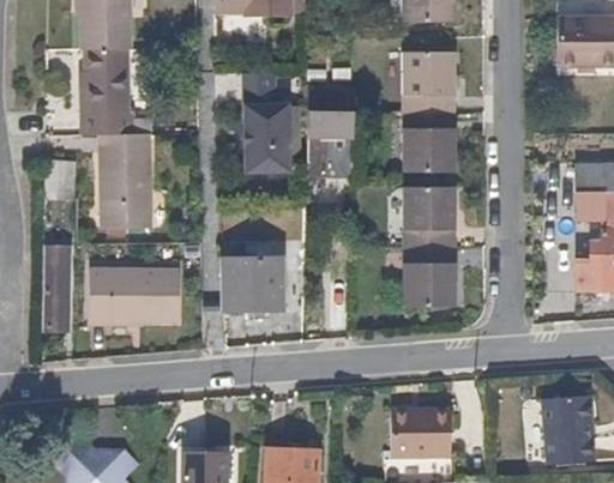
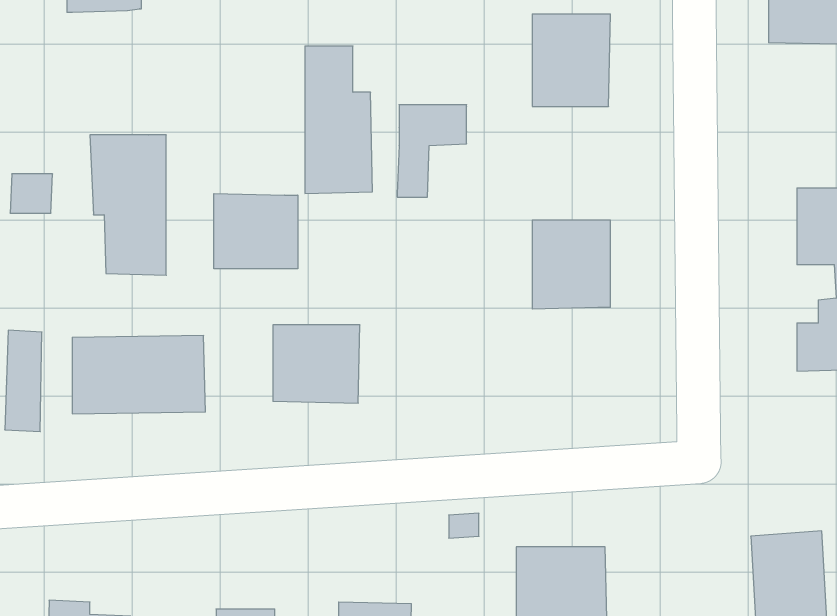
building: [84,47,140,132] -> none
building: [399,113,451,173] -> none
building: none -> [214,194,298,269]
building: [398,248,452,310] -> none

